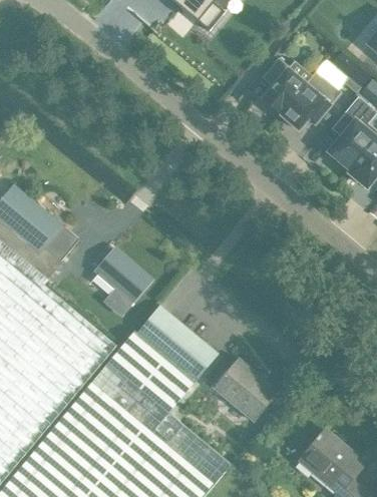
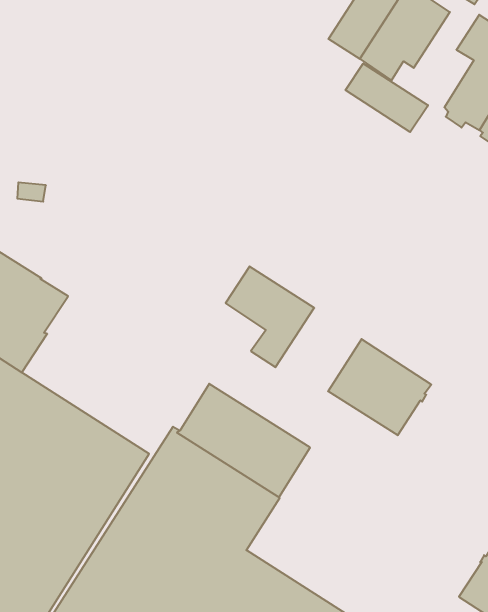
building: none -> [346,63,428,132]
building: [95,250,150,315] -> [226,266,314,367]
building: [213,359,278,422] -> [328,339,431,435]

